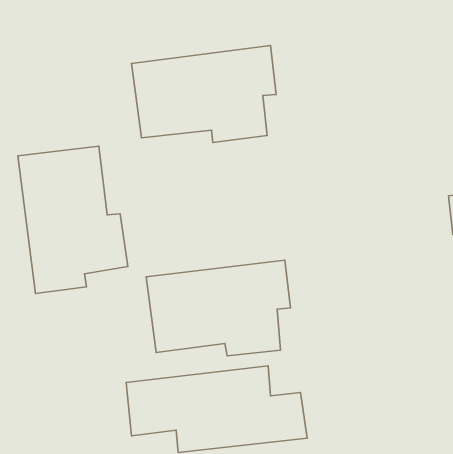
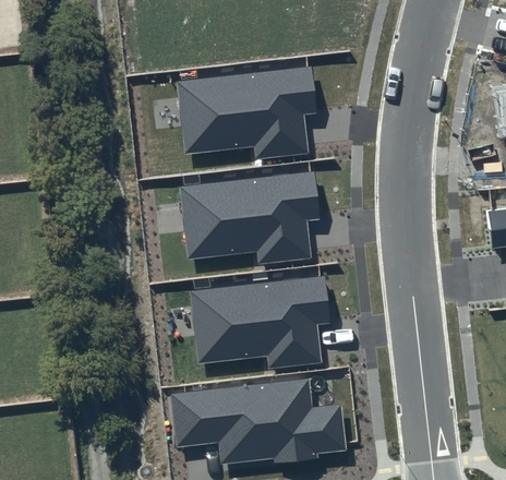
building: [18,146,128,294] -> none
building: none -> [178,169,320,264]

